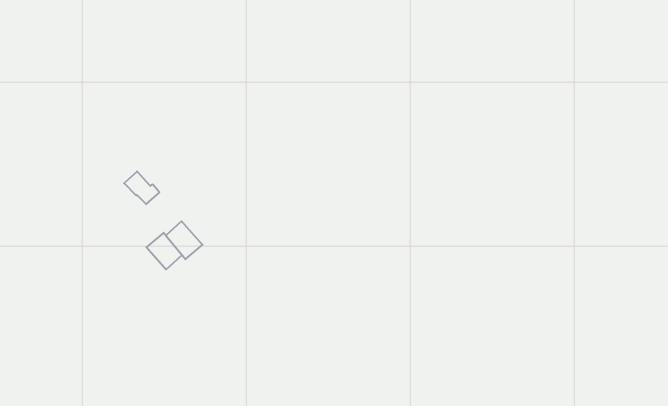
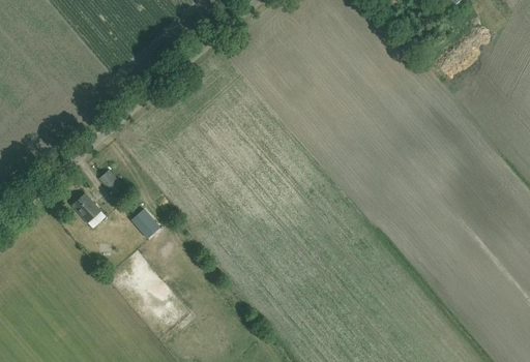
building: [146,233,182,269] -> [72,192,100,221]

